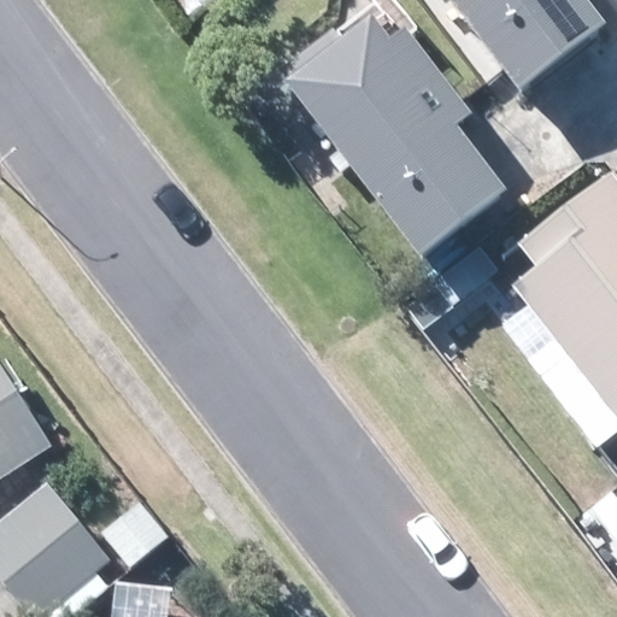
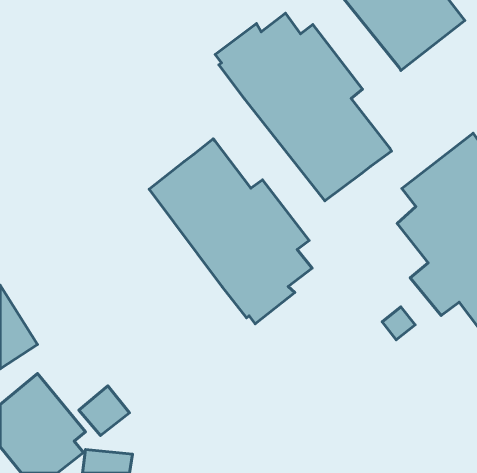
building: none -> [149,139,312,324]

